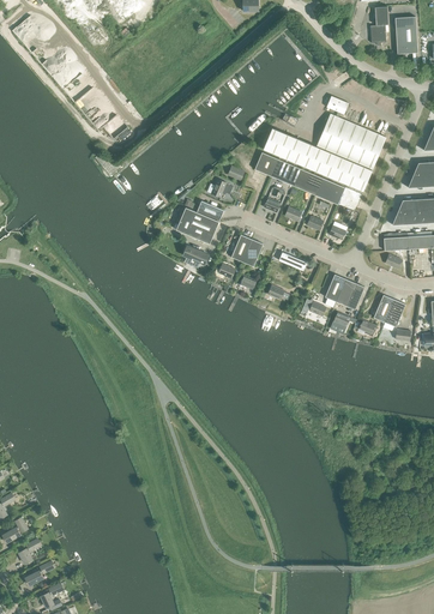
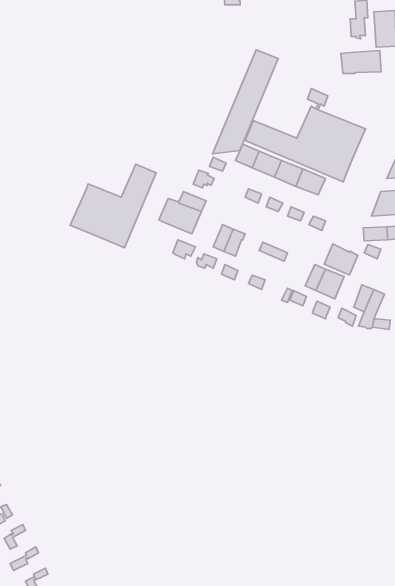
building: none -> [212,50,278,154]
building: none -> [341,51,381,73]
building: none -> [70,164,156,248]
building: none -> [324,244,358,275]

